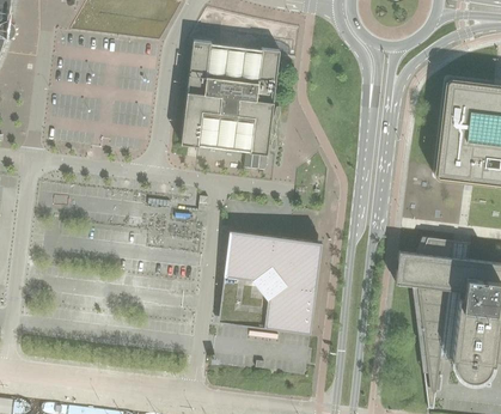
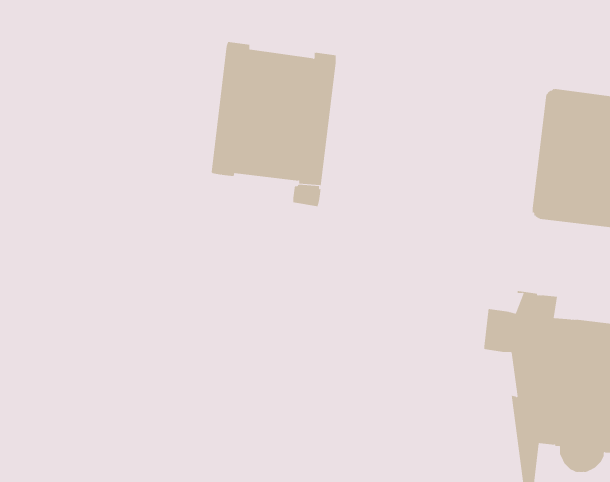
building: [219,230,323,334] -> none

